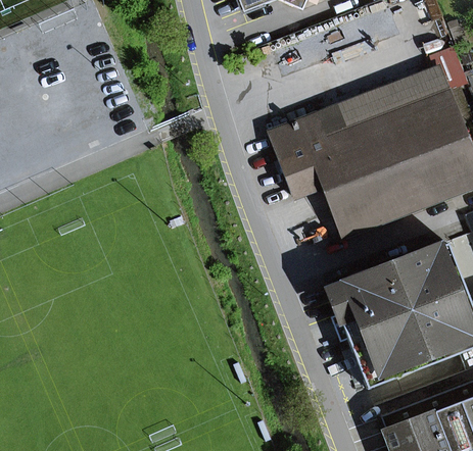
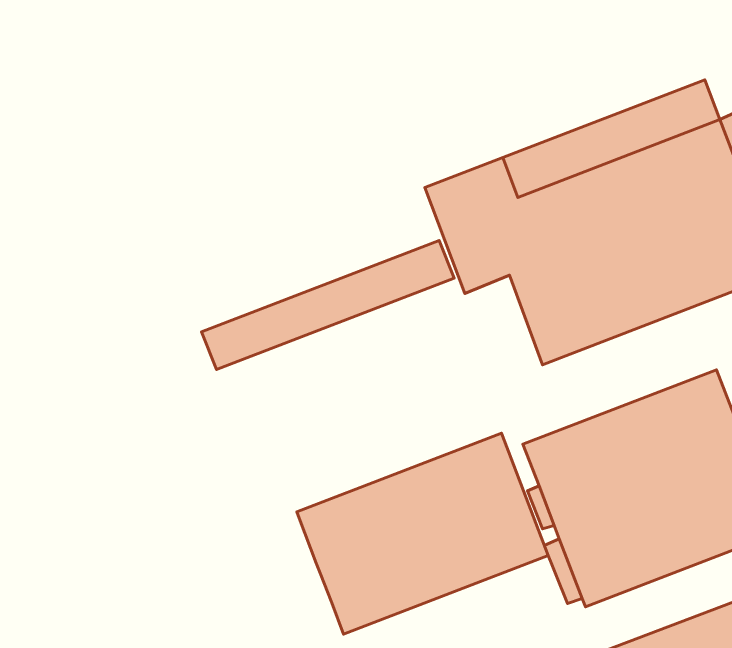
building: none -> [201,240,454,370]
building: none -> [297,433,548,634]

